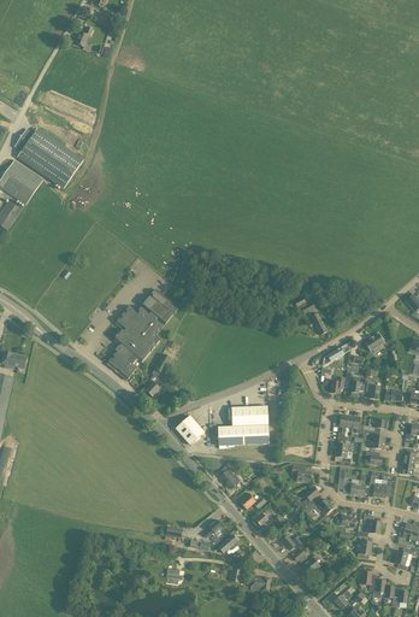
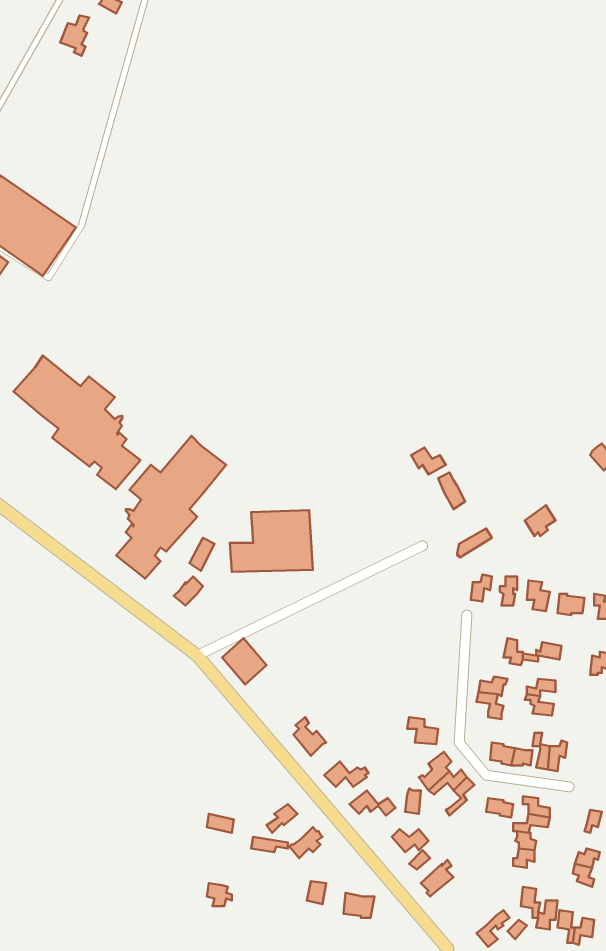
building: none -> [13,355,140,489]
building: [217,405,268,443] -> [230,510,313,572]

